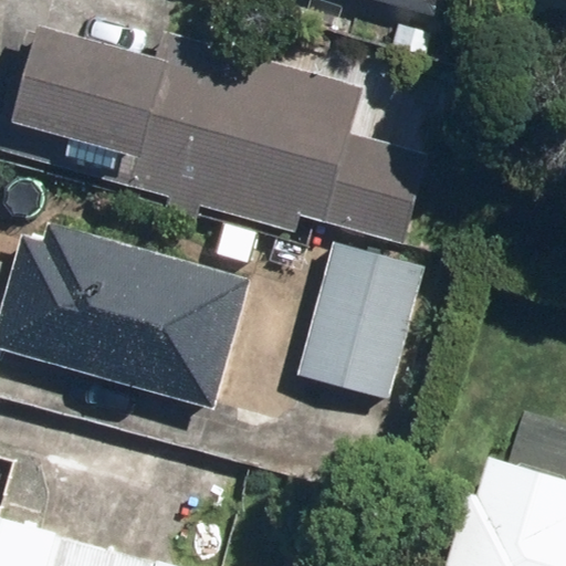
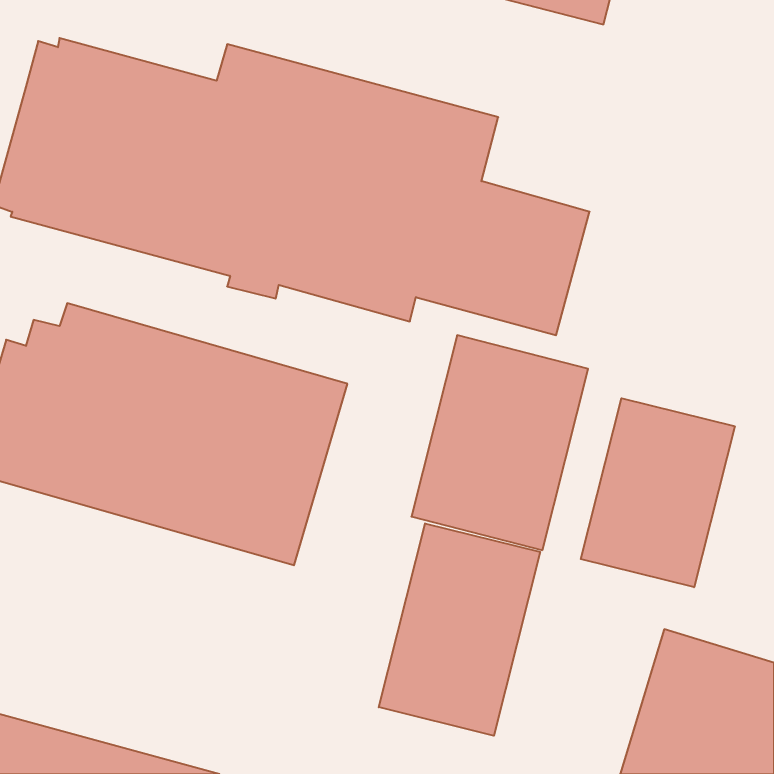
building: none -> [581,398,735,587]
building: none -> [379,523,540,736]

